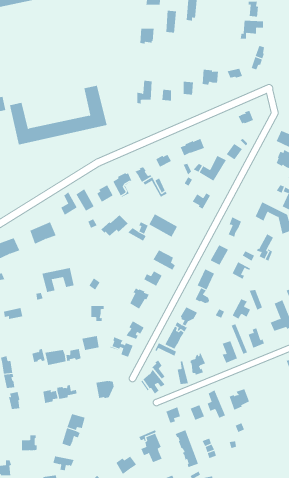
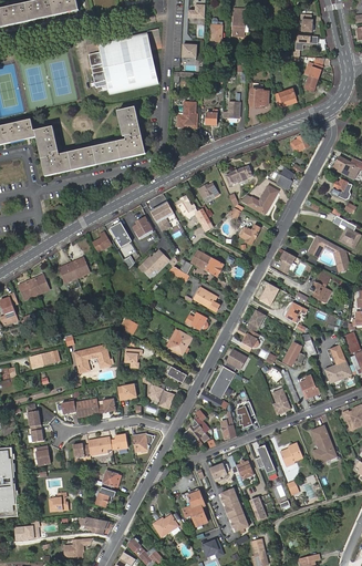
building: none -> [87,31,157,94]
building: [41,268,74,293] -> [74,344,111,372]
building: none -> [311,424,335,464]

